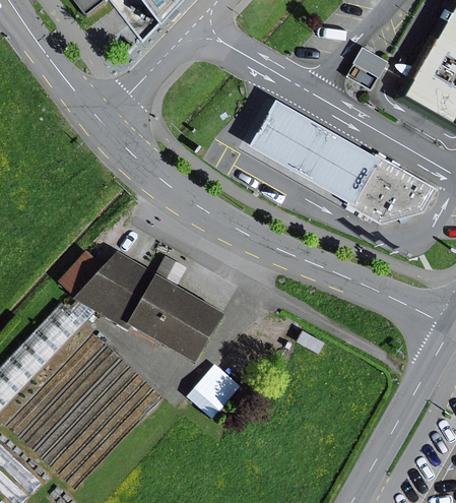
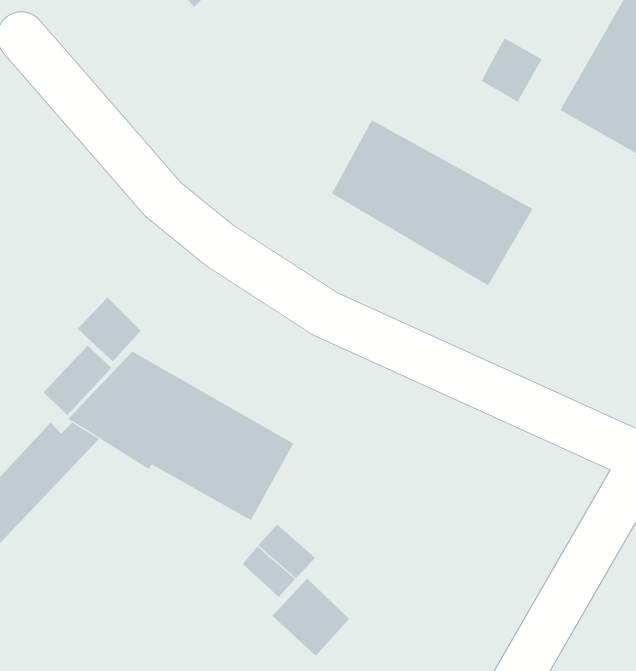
building: [352,158,437,226] -> none
building: none -> [77,297,142,362]
building: none -> [272,578,350,656]

